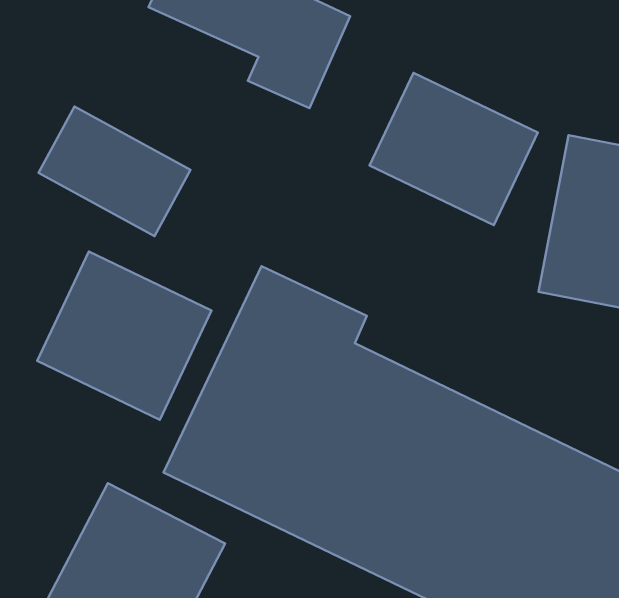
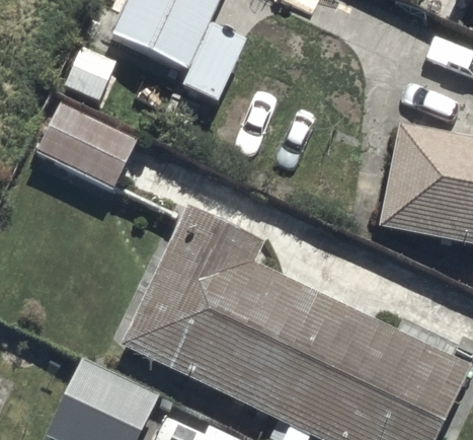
building: [370,73,538,225] -> none
building: [37,252,211,420] -> none

